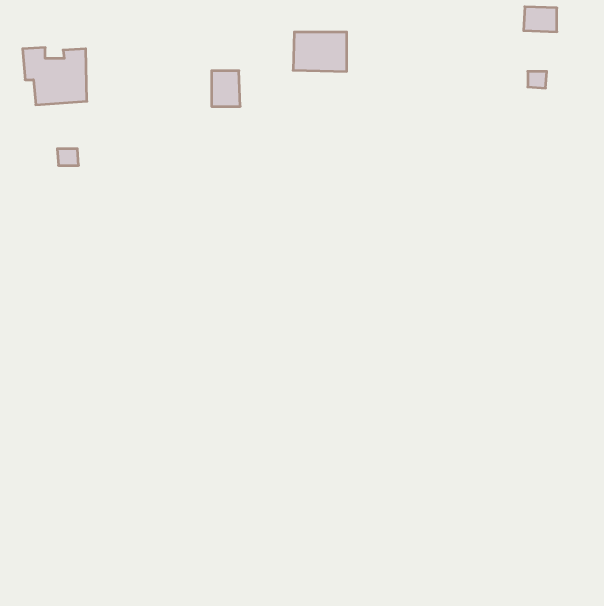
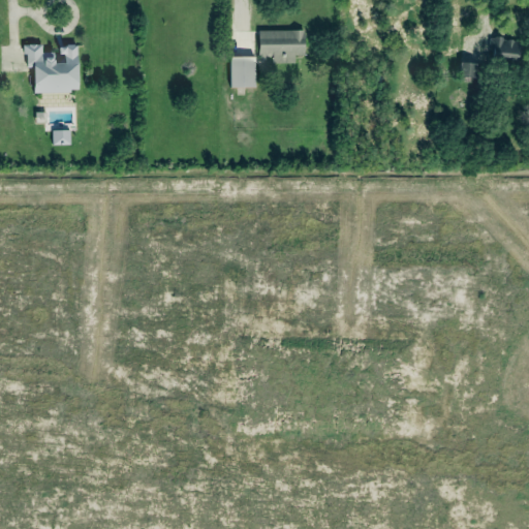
building: [524,7,557,32] -> [491,39,520,61]
building: [212,71,240,106] -> [232,58,257,89]

